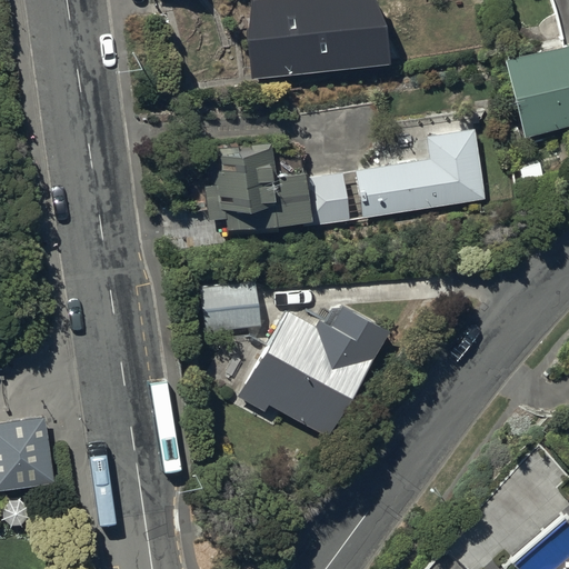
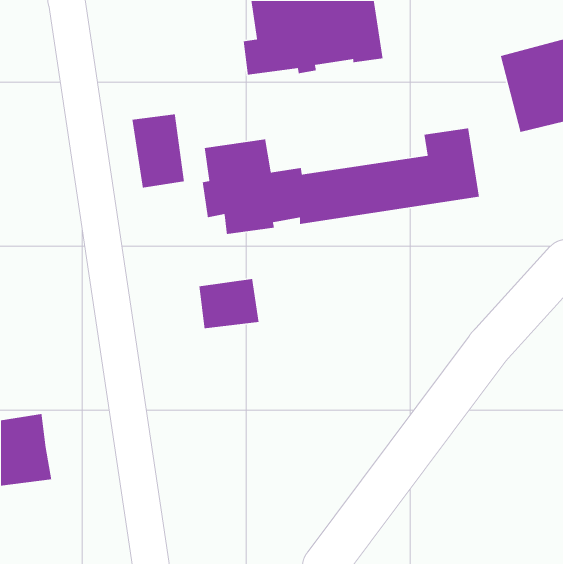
building: none -> [131,113,185,188]
building: [239,303,389,437] -> none

